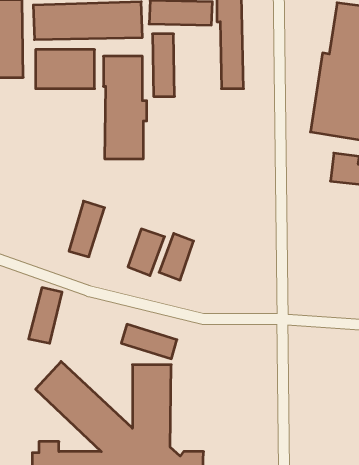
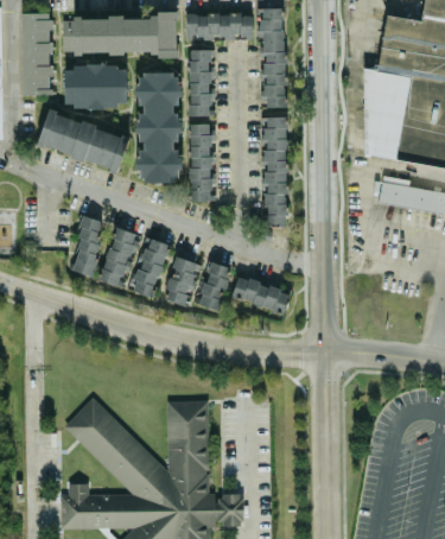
building: none -> [37,113,129,170]
building: none -> [261,116,287,227]
building: none -> [189,125,211,201]
building: none -> [129,237,170,297]
building: [29,288,62,343] -> [70,216,106,275]
building: [121,324,177,359] -> [231,277,291,313]

